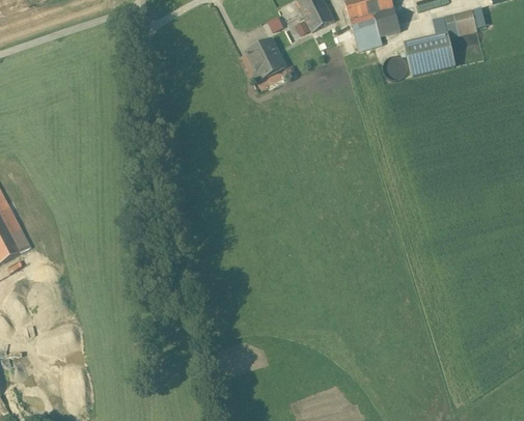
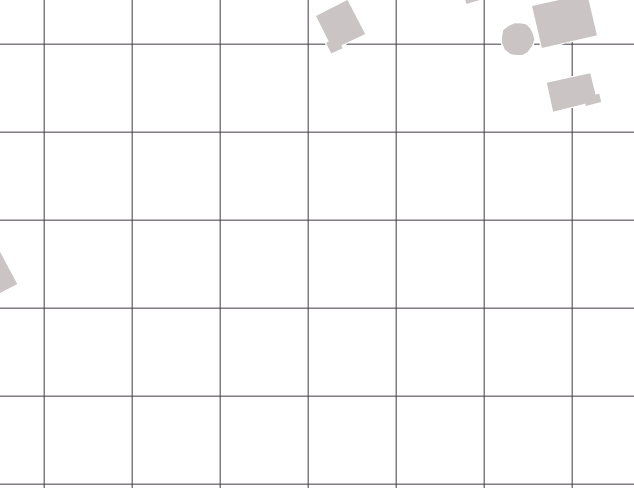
building: none -> [546,72,602,112]

